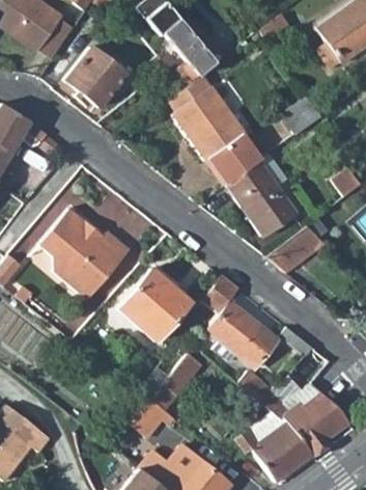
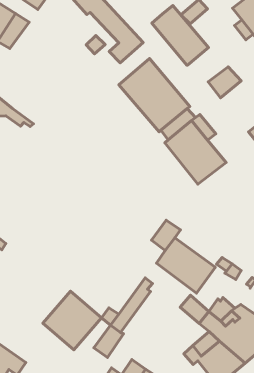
building: none -> [152,6,209,65]
building: [63,46,132,106] -> none
building: [41,211,130,298] -> none
building: [271,225,329,274] -> none
building: [117,269,188,339] -> [43,291,102,350]

